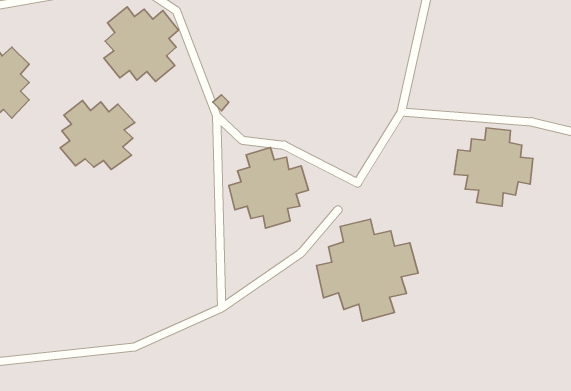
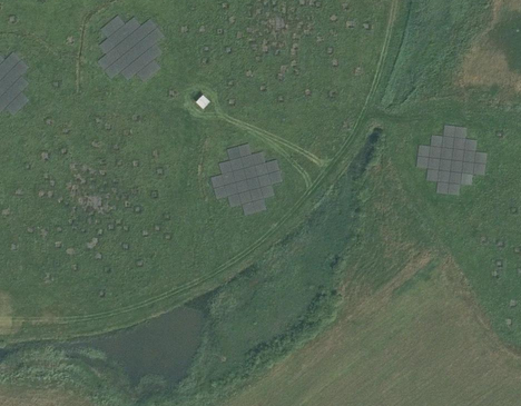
building: [60,100,135,169] -> none
building: [316,219,418,321] -> none

